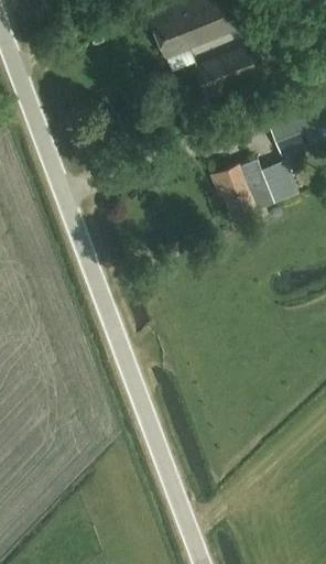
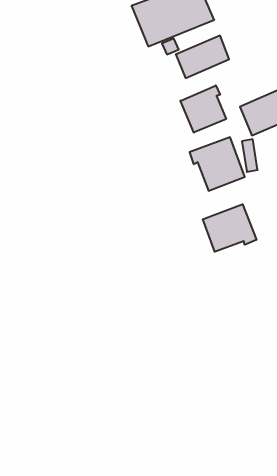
building: none -> [180,85,226,133]
building: none -> [203,204,256,252]

